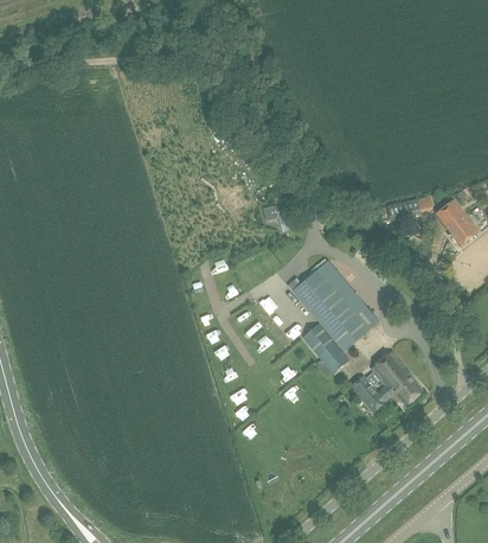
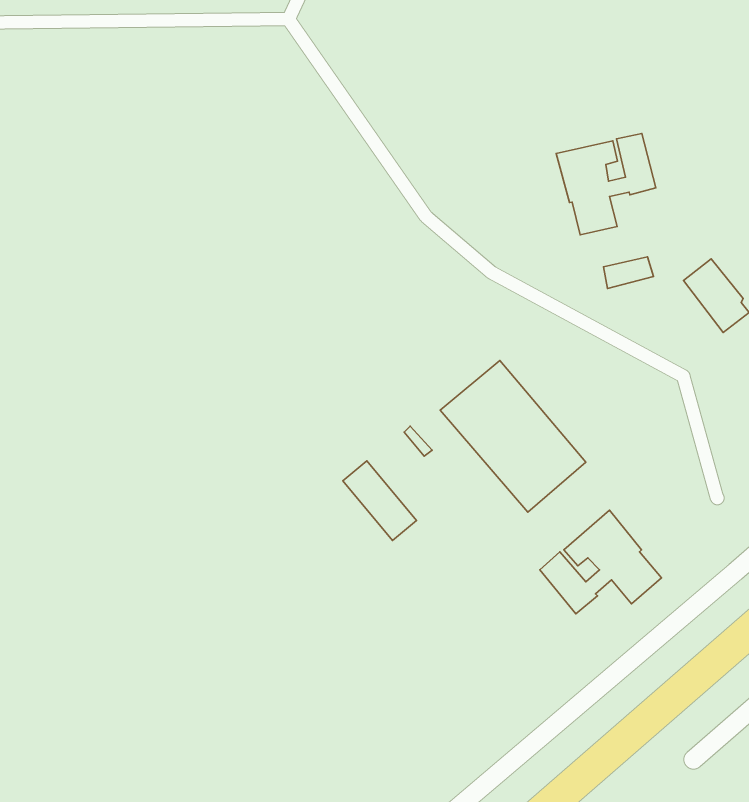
building: none -> [556,133,656,235]
building: [303,325,347,372] -> [343,461,417,541]

